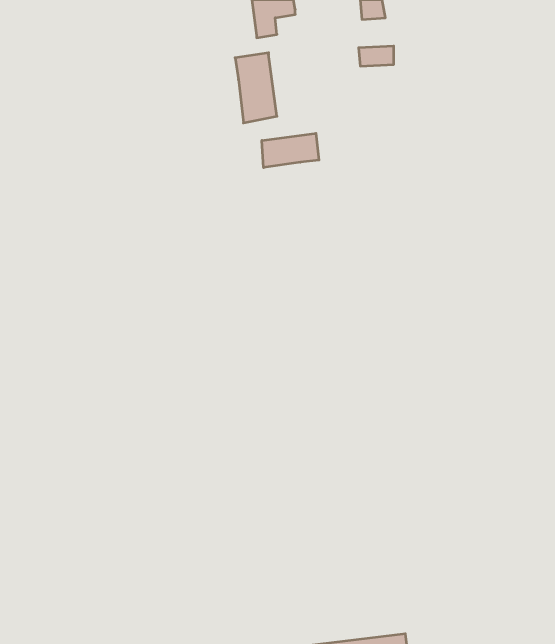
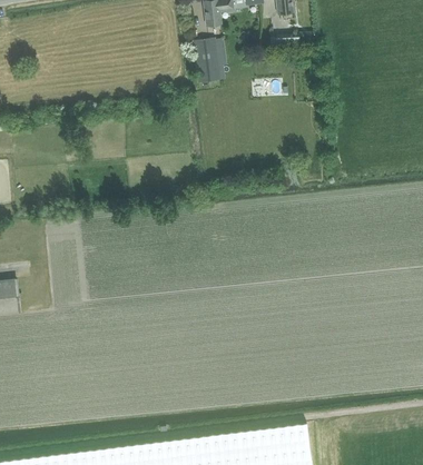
building: [262,133,319,168] -> none

